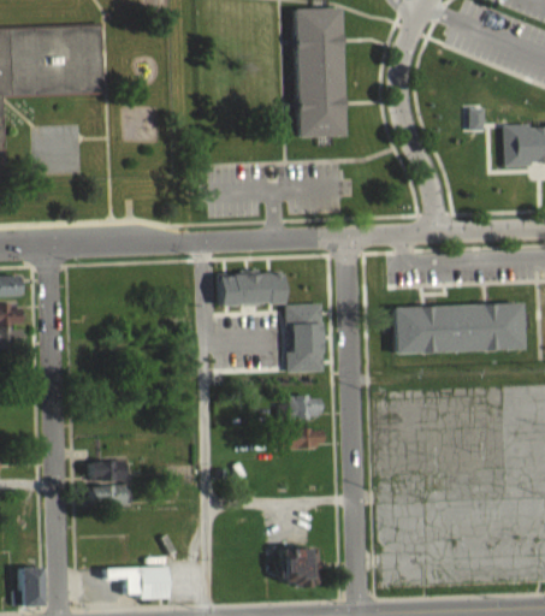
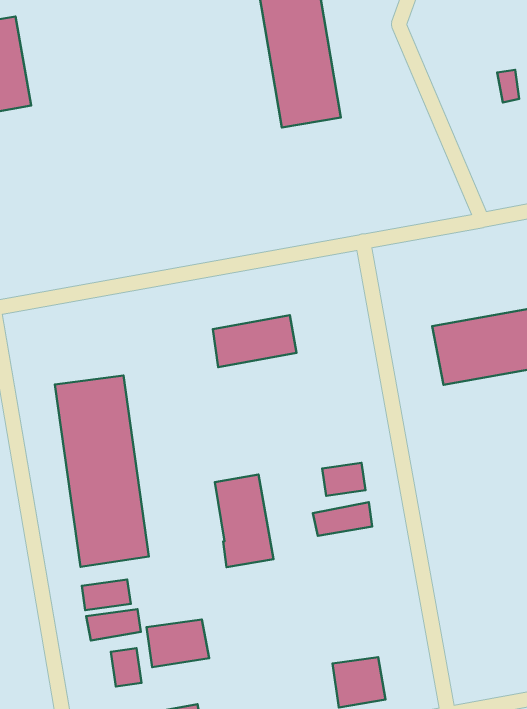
building: none -> [55,376,149,567]
building: [289,307,326,375] -> [215,475,273,567]
building: none -> [147,619,209,667]
building: none -> [111,648,142,686]

